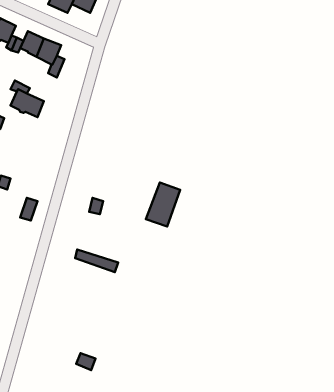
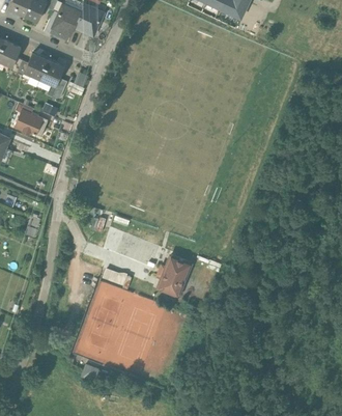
building: [146,182,180,227] -> [158,256,191,299]

